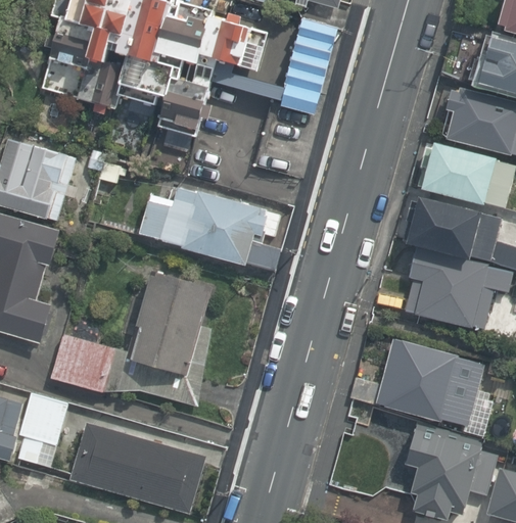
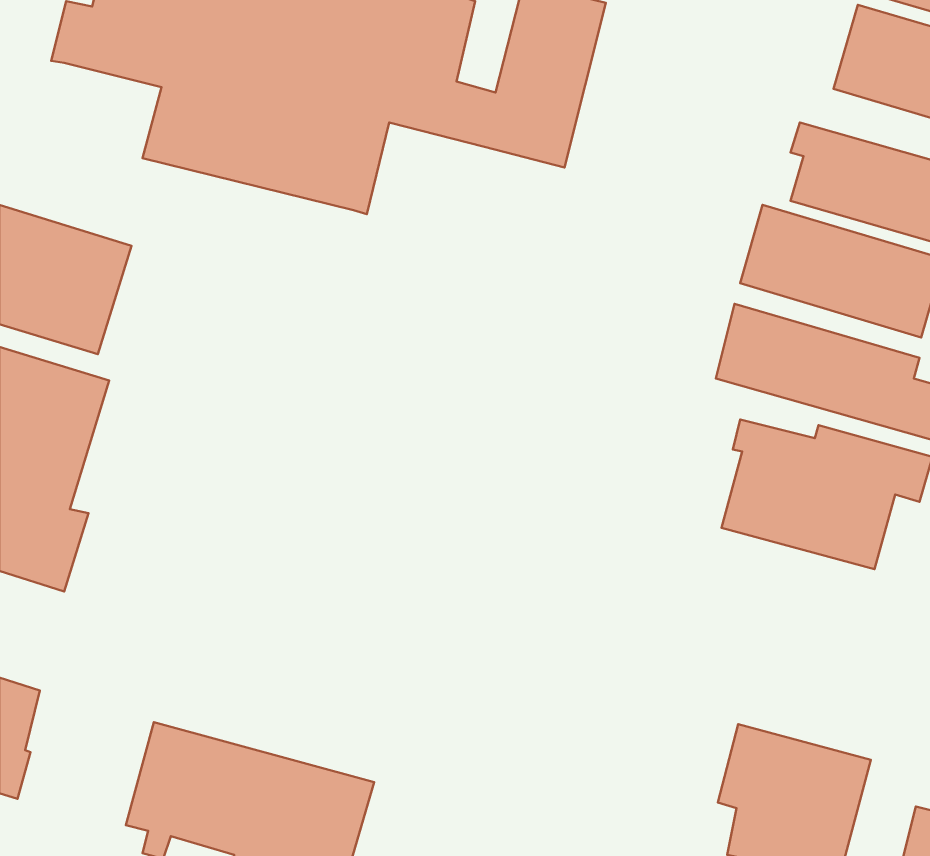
building: [138,182,282,271] -> none
building: [52,271,213,405] -> none
building: [364,335,490,430] -> none
building: [17,391,68,462] -> none

